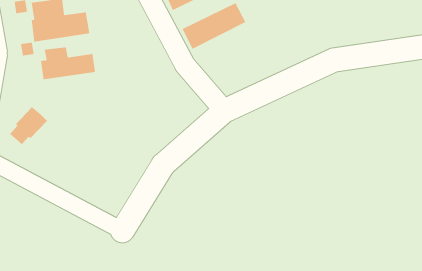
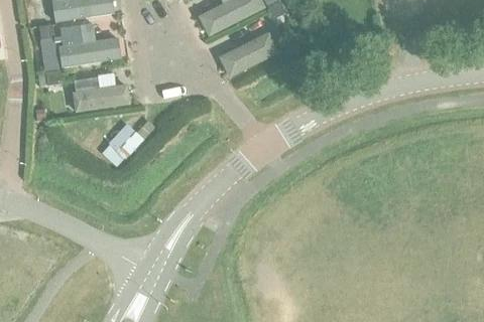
building: [9,107,48,145] -> [102,123,143,164]

